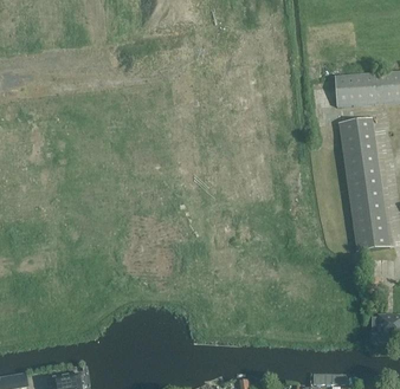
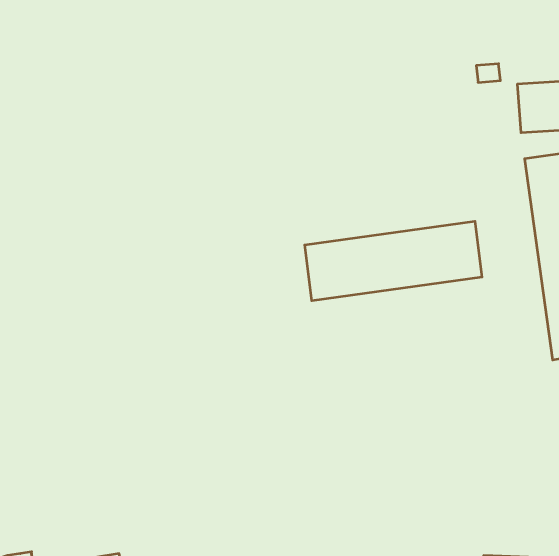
building: none -> [305,221,482,301]

